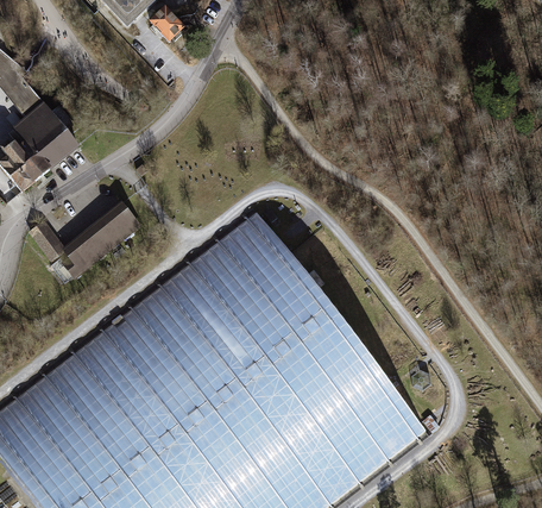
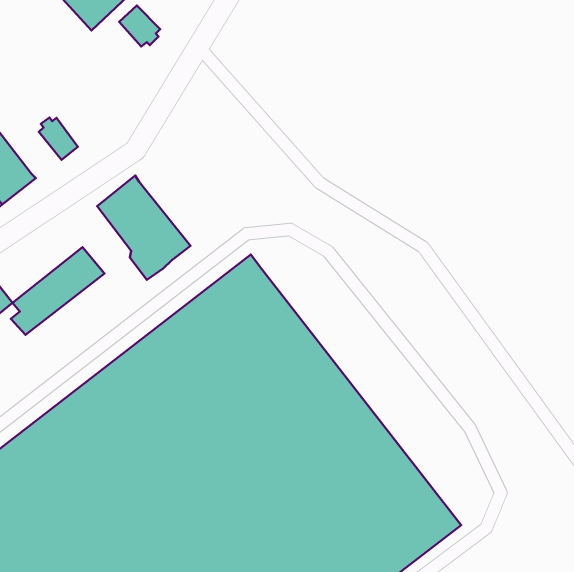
building: none -> [39,117,78,160]
building: none -> [97,175,191,280]

